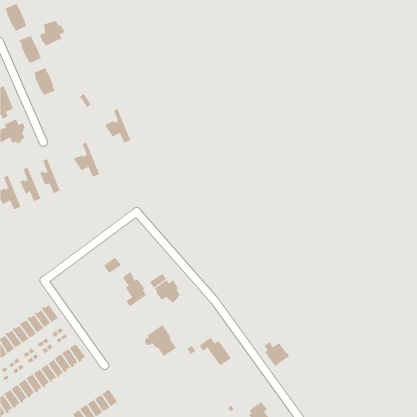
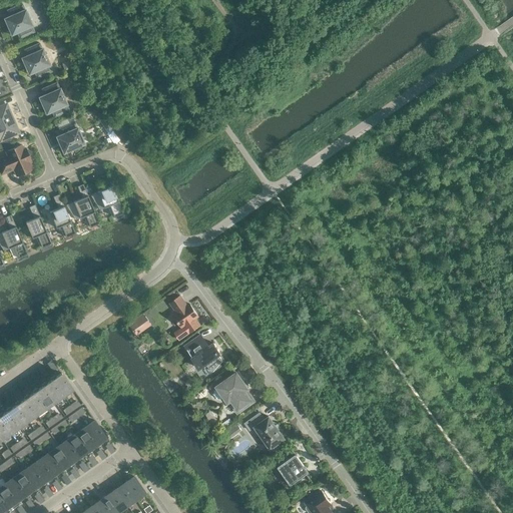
building: [39,20,66,46] -> none
building: none -> [58,123,83,152]
building: [104,108,132,144] -> [65,185,99,228]
building: [122,271,147,307] -> [169,297,199,341]
building: [144,324,177,357] -> [212,374,252,414]
building: [263,337,291,367] -> [276,450,310,486]

